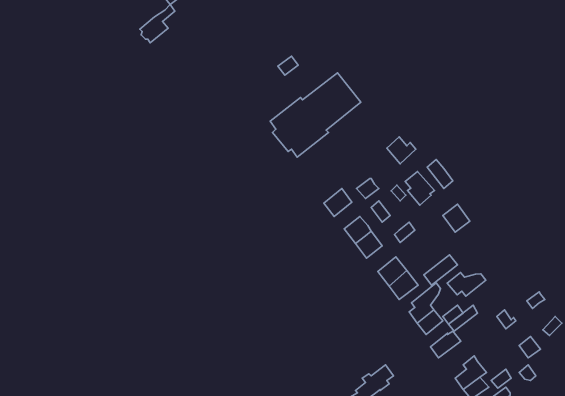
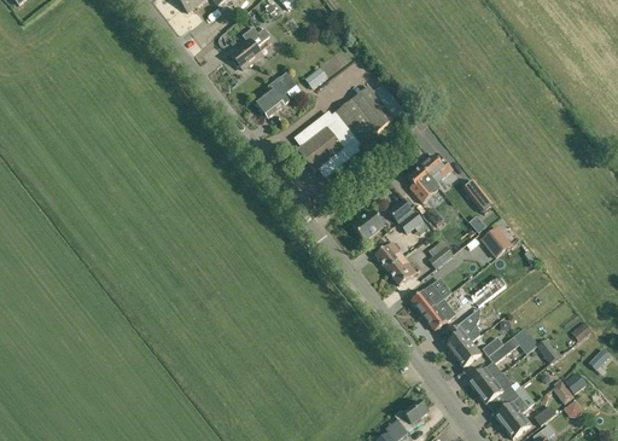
building: [140,5,175,43] -> [232,28,269,69]
building: none -> [256,72,297,117]
building: [405,171,434,205] -> [408,167,439,203]
building: [447,272,486,296] -> none
building: none -> [477,375,515,404]

